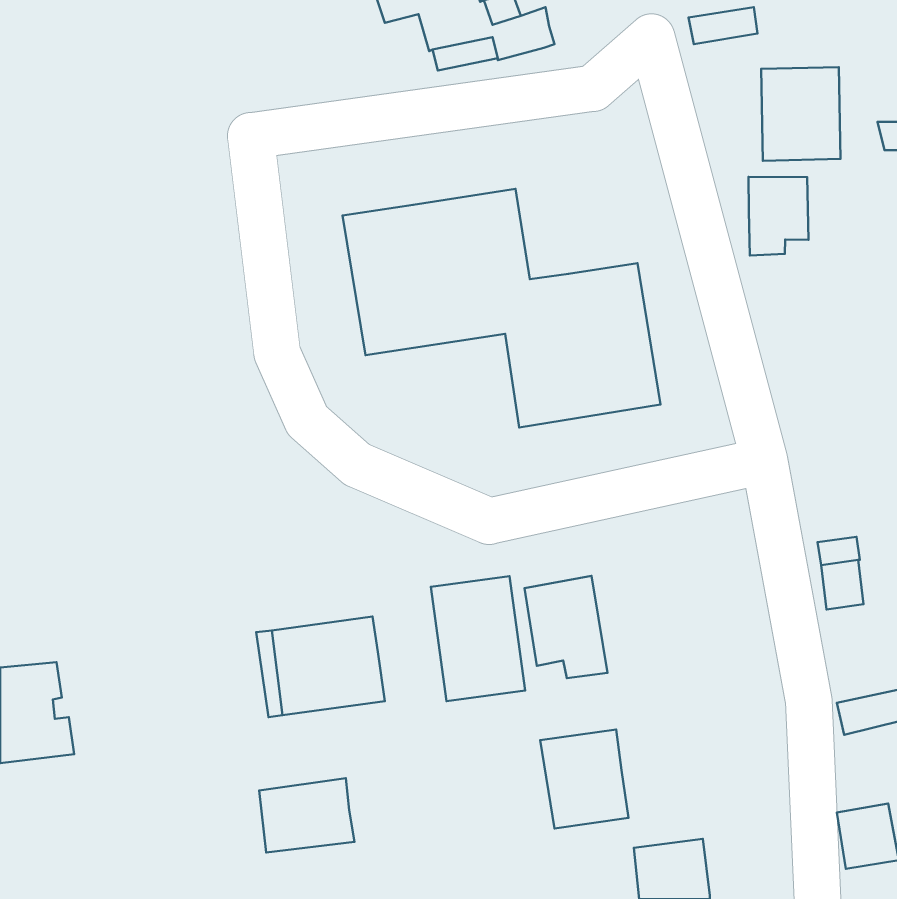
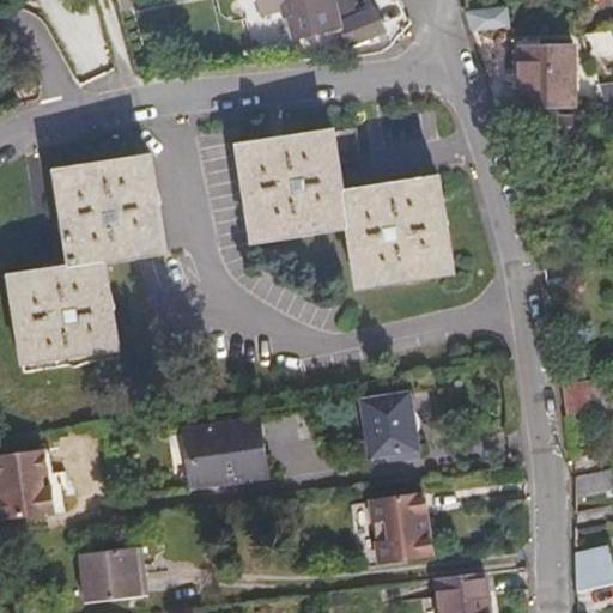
building: [748,177,808,255] -> none
building: none -> [11,158,163,369]
building: [431,576,525,701] -> none
building: [259,778,354,852] -> [79,551,144,601]

